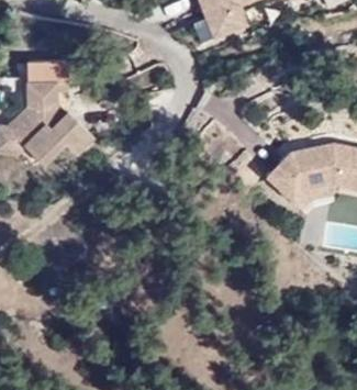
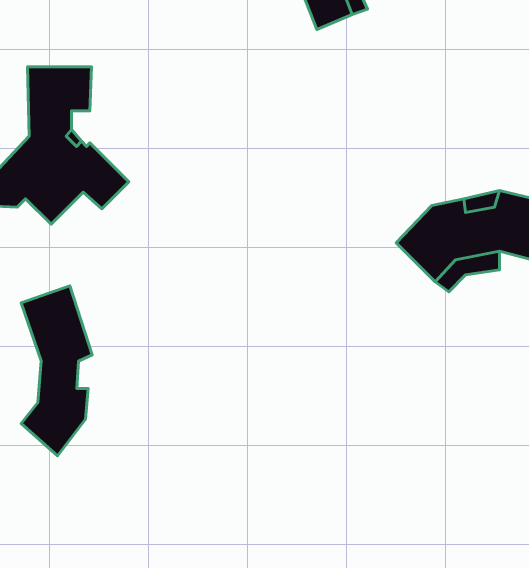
building: none -> [21,286,92,456]

